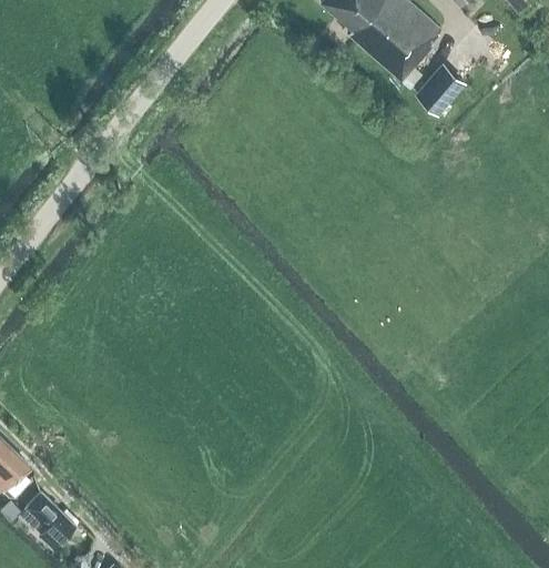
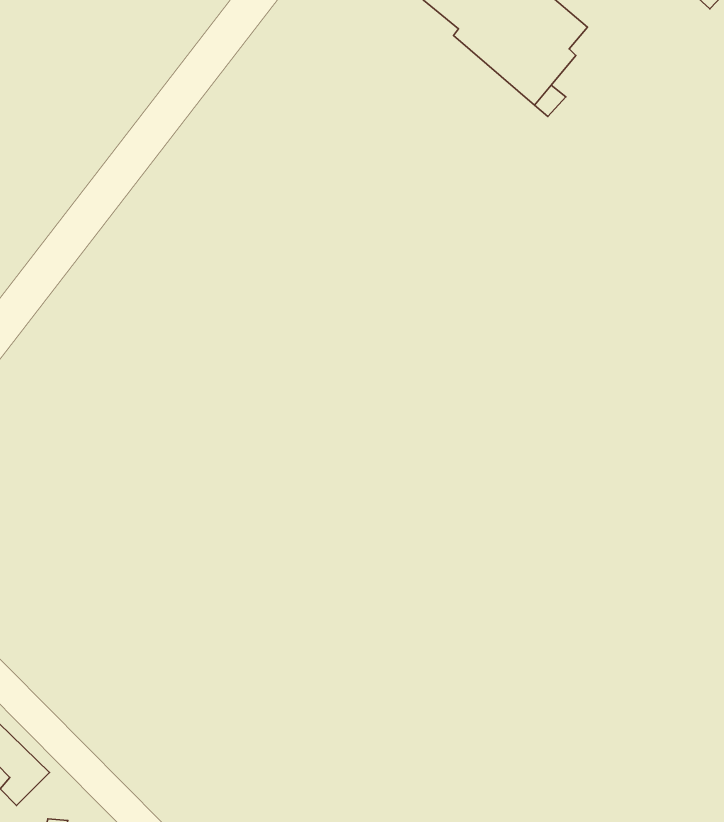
building: [415,64,459,110] -> none

